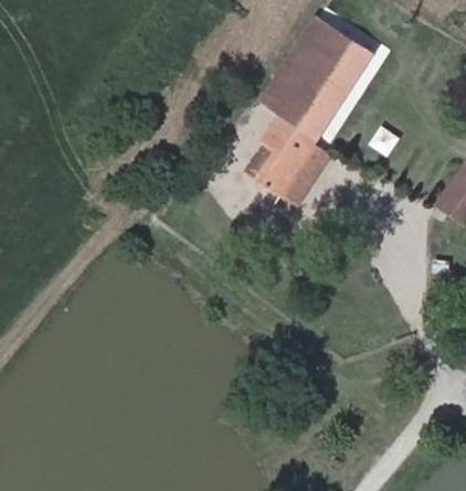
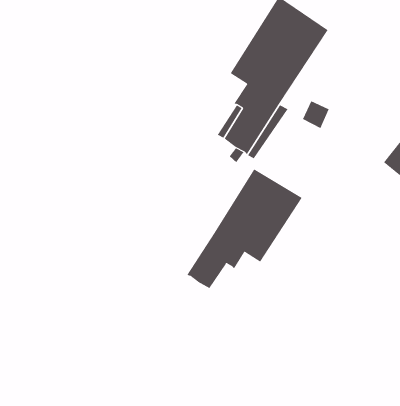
building: none -> [186,168,302,289]

